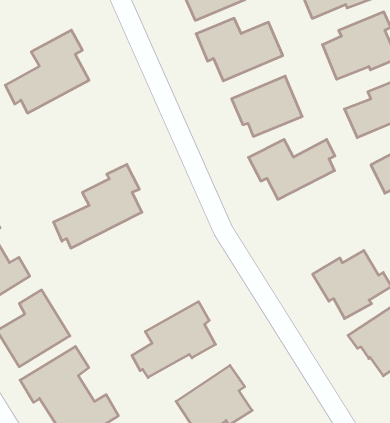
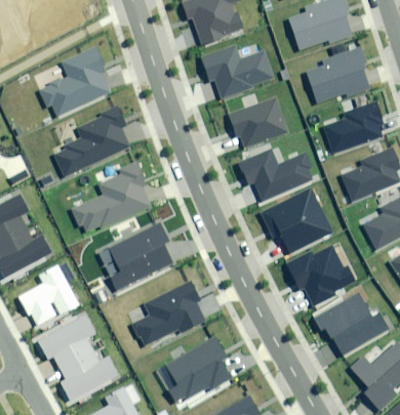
building: none -> [53,106,128,176]
building: none -> [259,189,331,251]
building: none -> [97,221,171,289]

